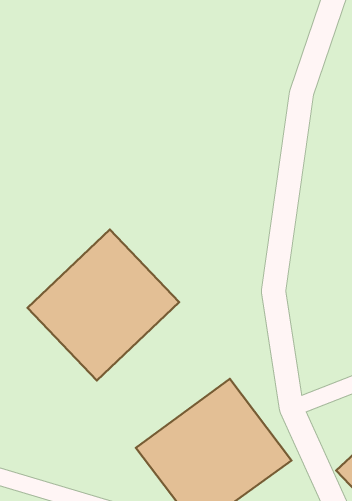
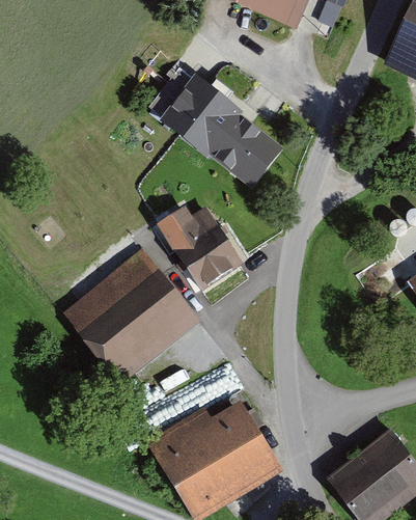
building: none -> [159,74,286,189]
building: none -> [160,194,248,288]

